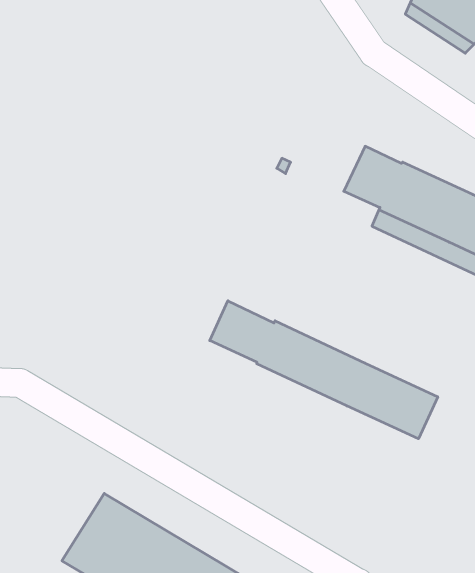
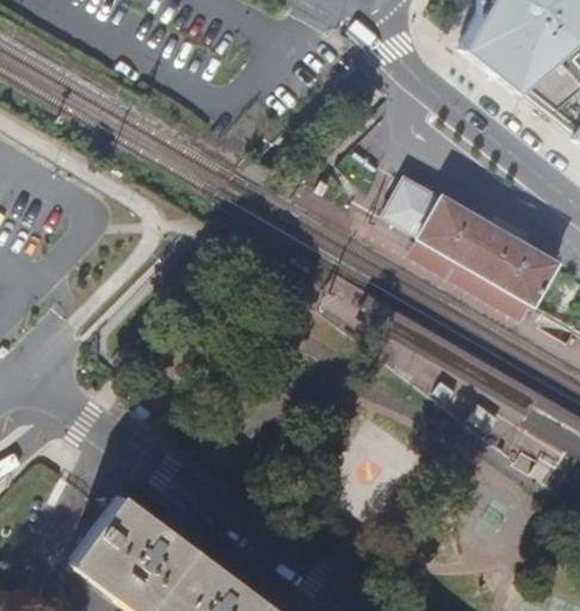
building: [210,301,438,439] -> none

